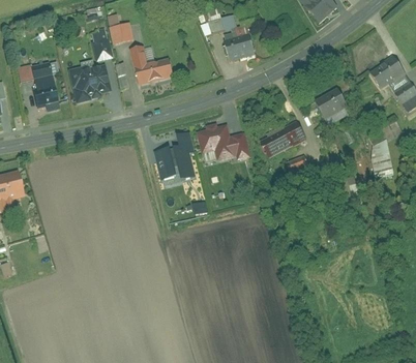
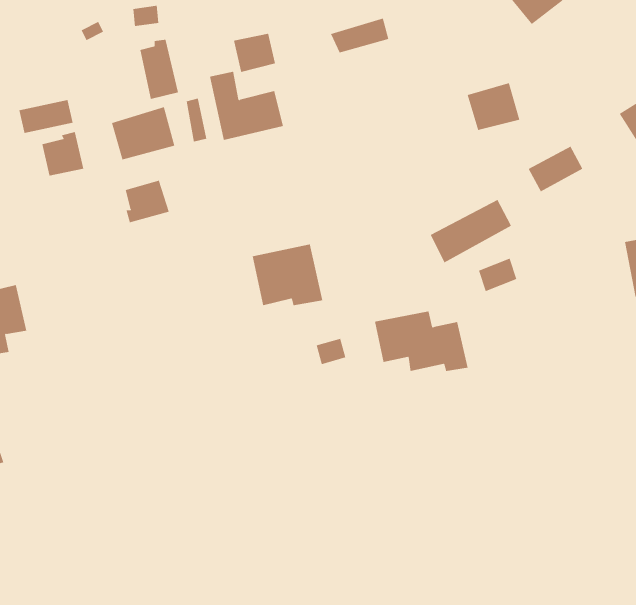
building: [109,22,133,44] -> [233,33,276,72]
building: [224,32,255,60] -> [467,82,520,130]
building: none -> [125,180,169,223]
building: [197,124,251,159] -> [374,311,469,371]

